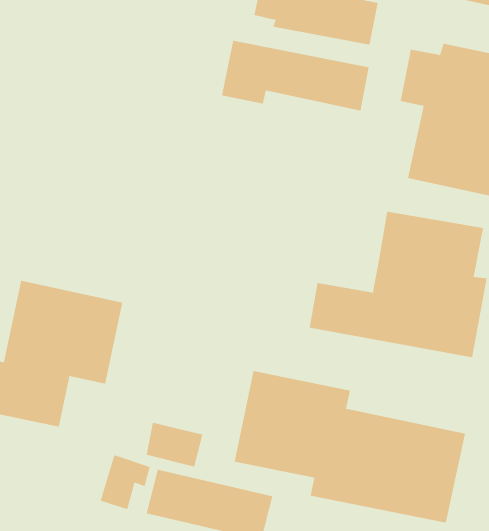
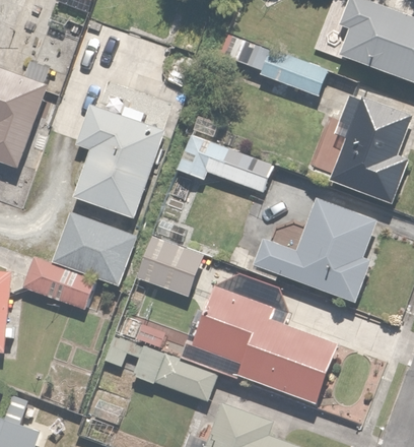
building: [221,40,369,111] -> [176,134,273,191]
building: none -> [72,105,164,218]
building: none -> [136,237,199,295]

